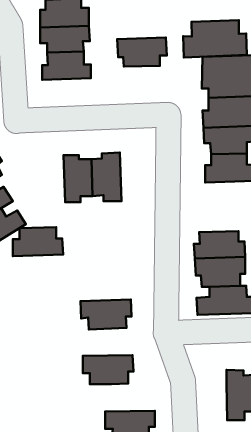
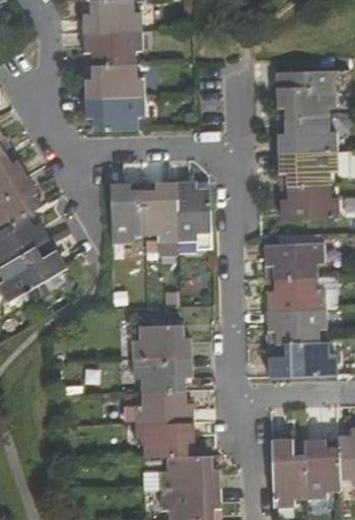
building: [183,20,247,58] -> none
building: [117,37,167,67] -> [85,93,144,128]
building: none -> [177,182,212,240]
building: none -> [265,242,325,276]
building: [13,227,63,256] -> [131,324,191,359]
building: none -> [133,390,193,424]
building: none -> [271,441,305,506]
building: none -> [160,455,219,490]

